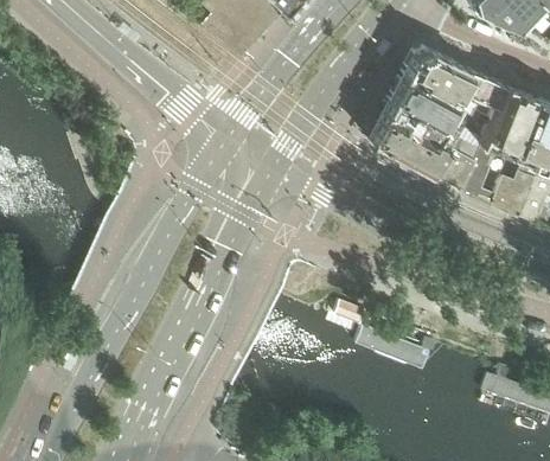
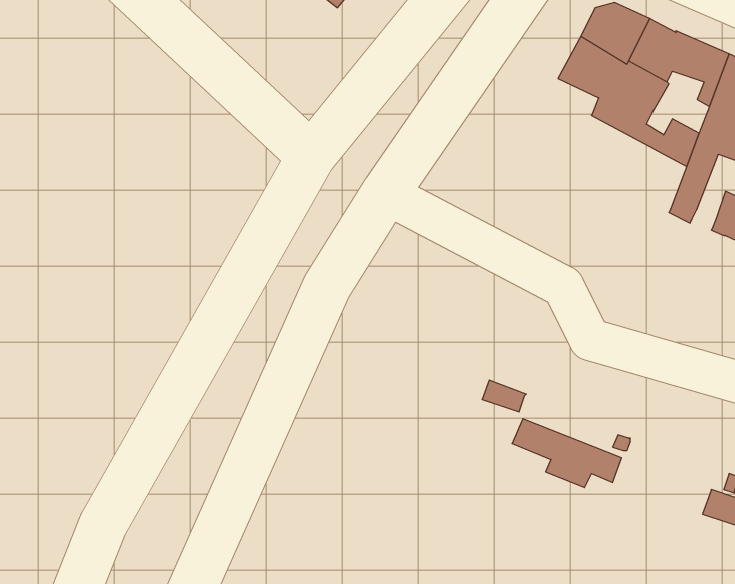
building: [363,96,469,186] -> none

